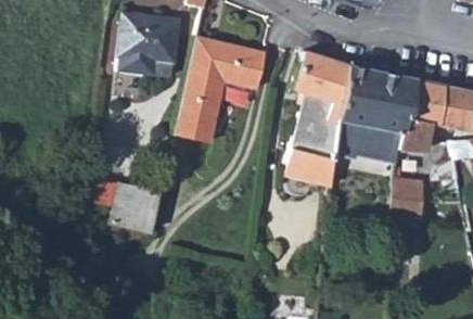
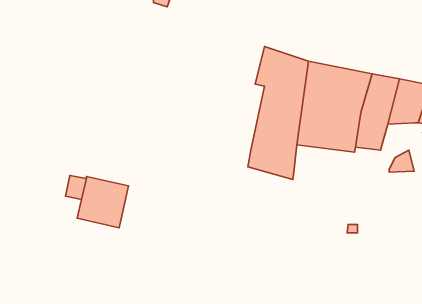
building: [120,16,179,78] -> none
building: [177,37,267,144] -> none
building: [392,183,423,218] -> none

